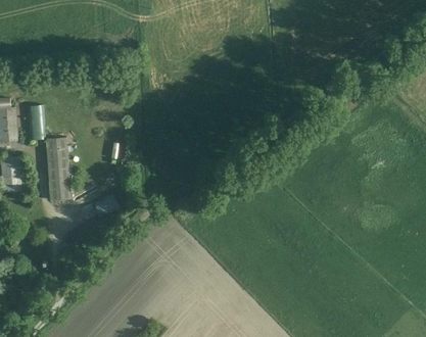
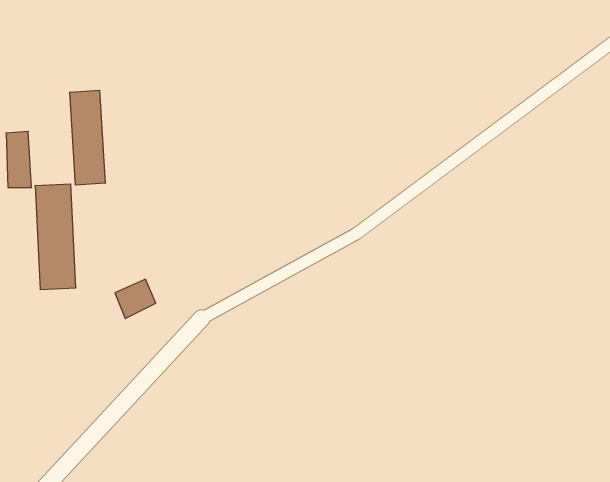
building: none -> [70,90,105,185]

